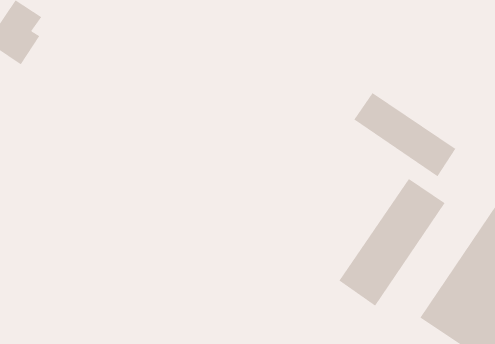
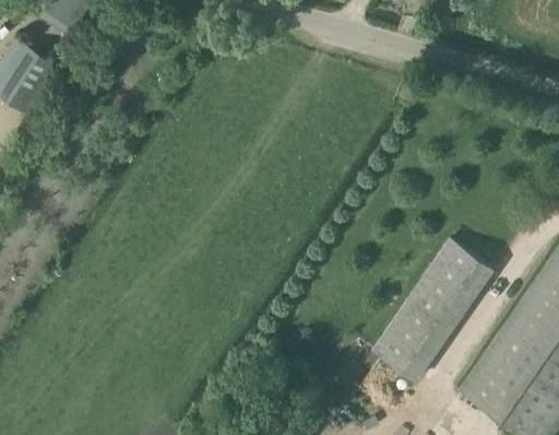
building: [353,92,456,177] -> none

